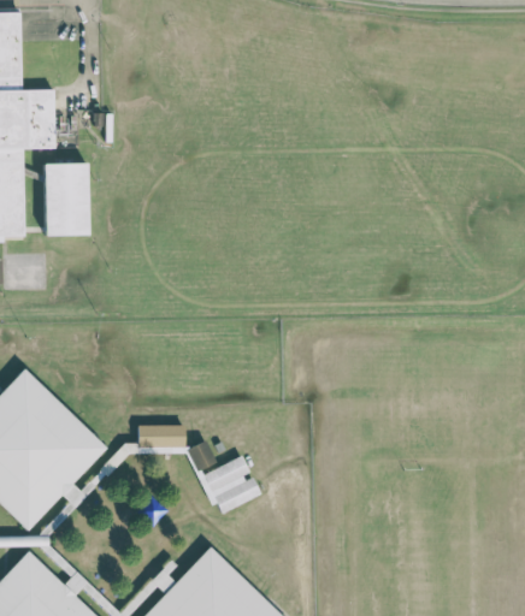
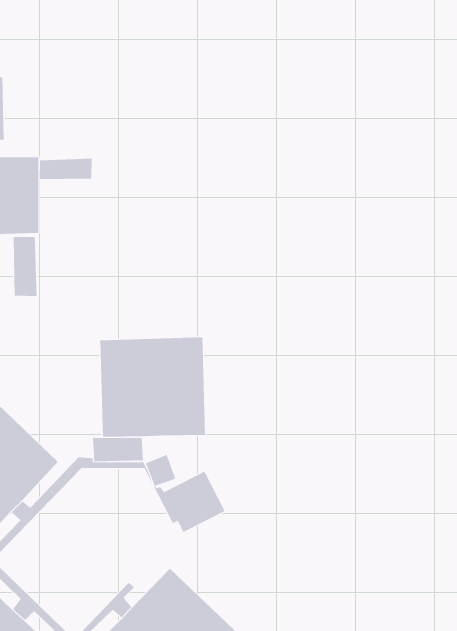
building: none -> [39,158,92,180]
building: none -> [13,236,37,297]
building: none -> [100,337,205,437]

